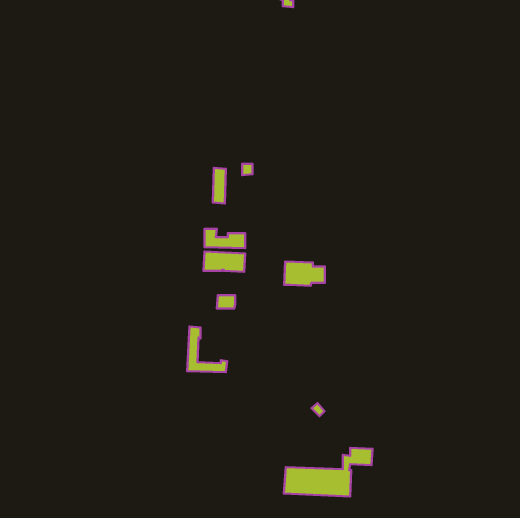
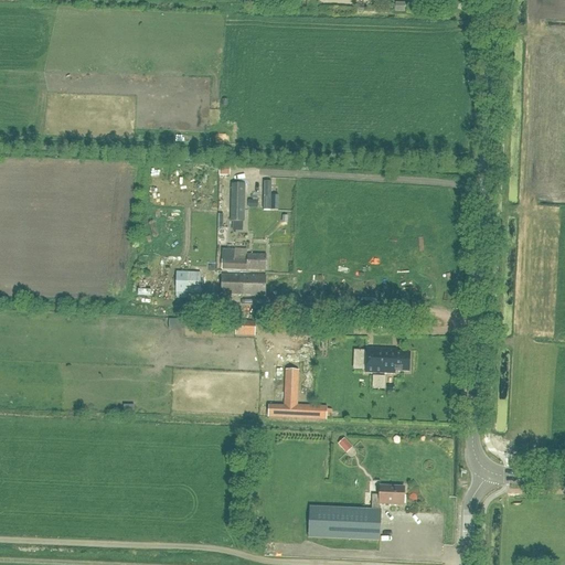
building: none -> [175,271,201,291]
building: [284,261,325,286] -> [365,347,409,373]
building: [187,326,227,372] -> [284,369,327,418]

